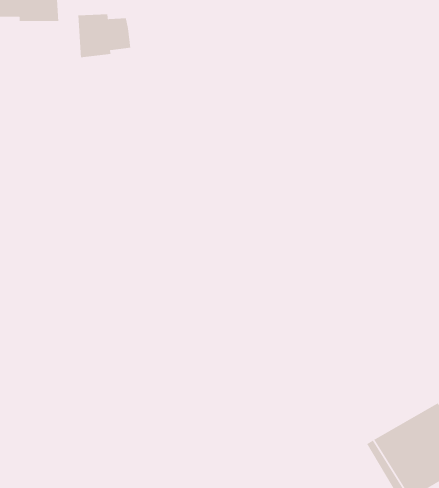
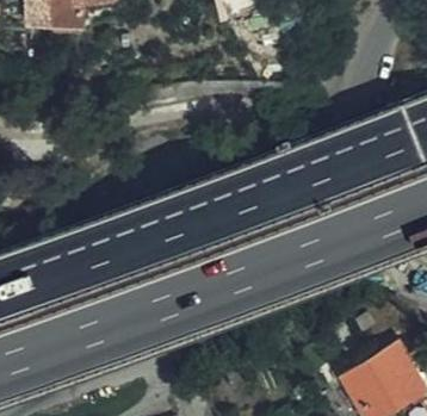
building: [78,14,131,58] -> none

